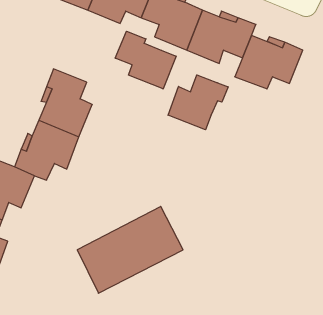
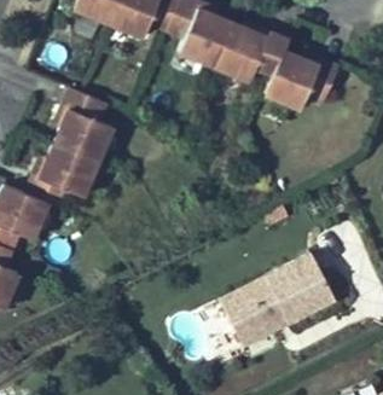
building: [115,31,176,89] -> none
building: [168,75,228,130] -> none
building: [77,206,183,293] -> [219,251,333,345]

